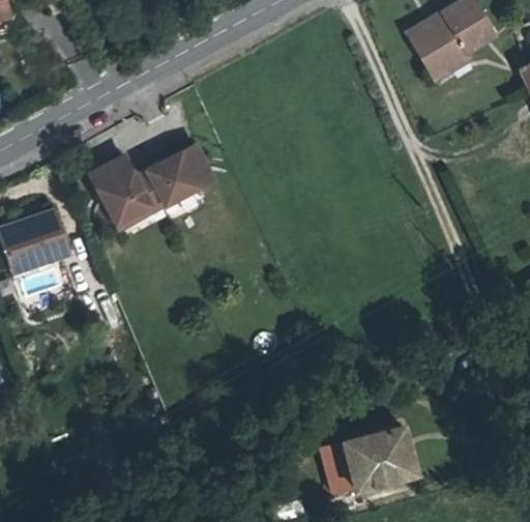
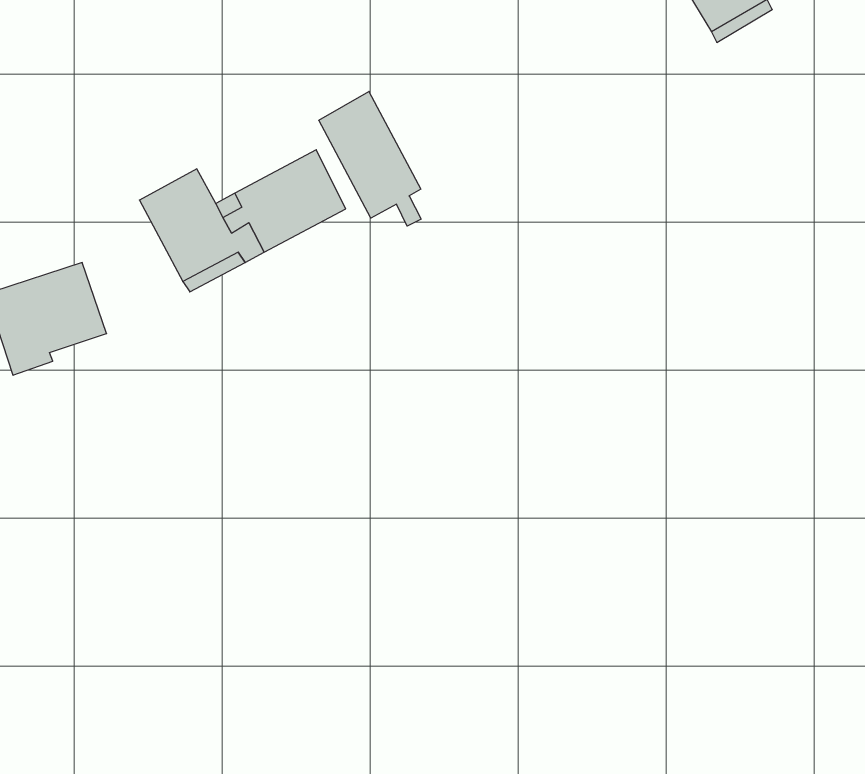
building: none -> [319,91,421,226]
building: [310,423,417,498] -> none

